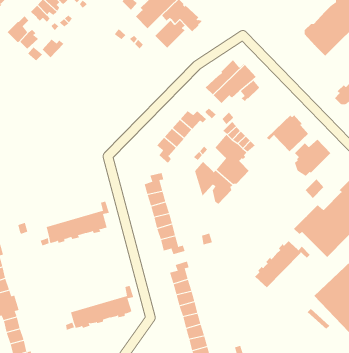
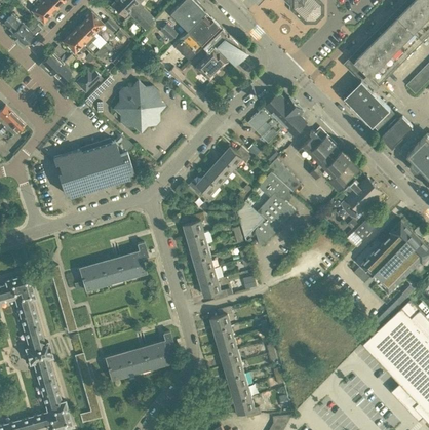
building: none -> [112,80,164,132]
building: none -> [343,80,390,126]
building: none -> [298,129,338,175]
building: none -> [56,133,132,197]
building: [253,239,311,288] -> none

